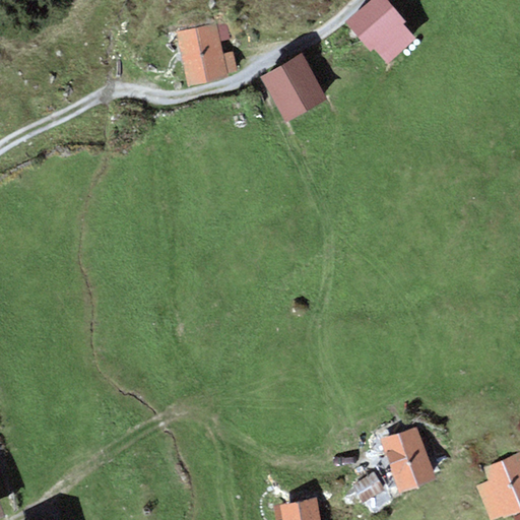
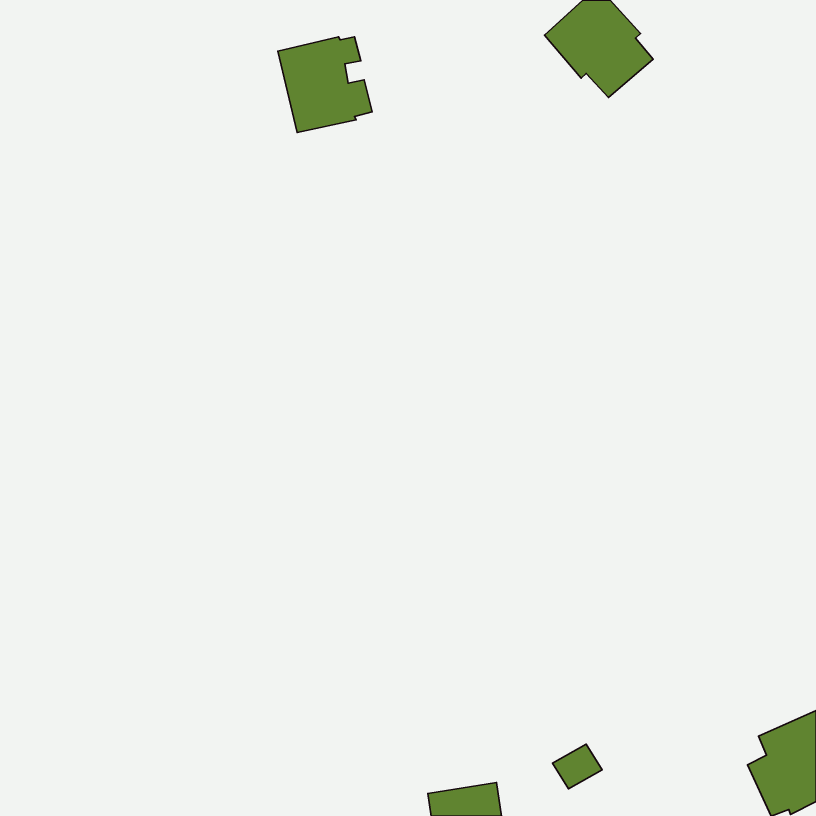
building: [259,53,327,122] -> none
building: [381,426,435,491] -> none

